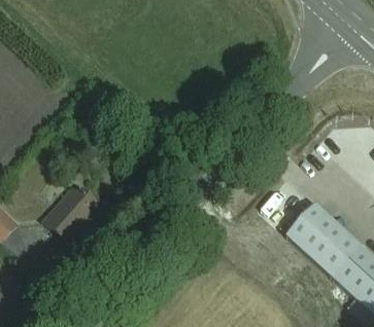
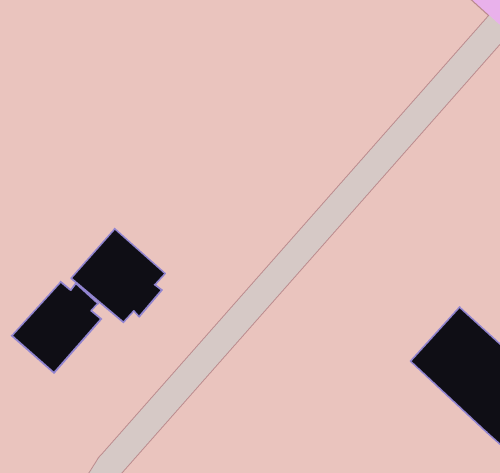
building: none -> [71,229,165,322]

